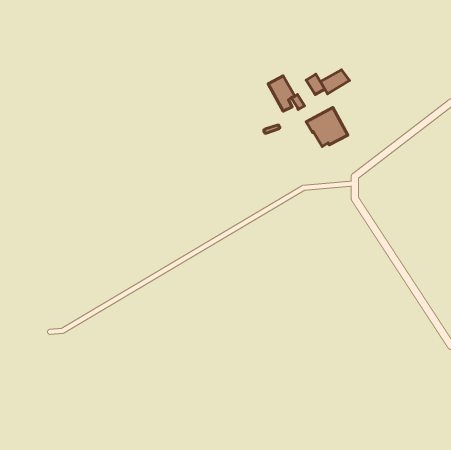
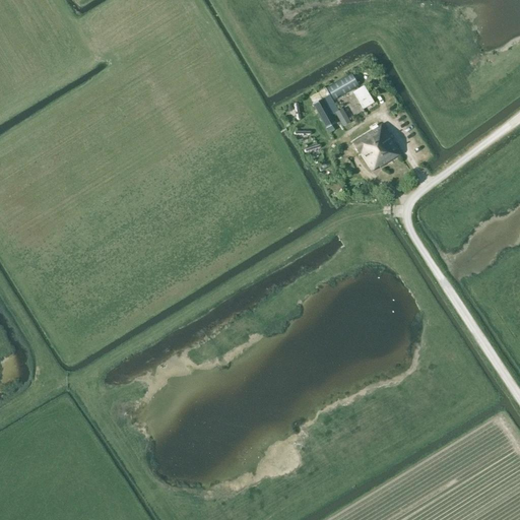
building: [320,70,350,94] -> [326,74,360,102]

